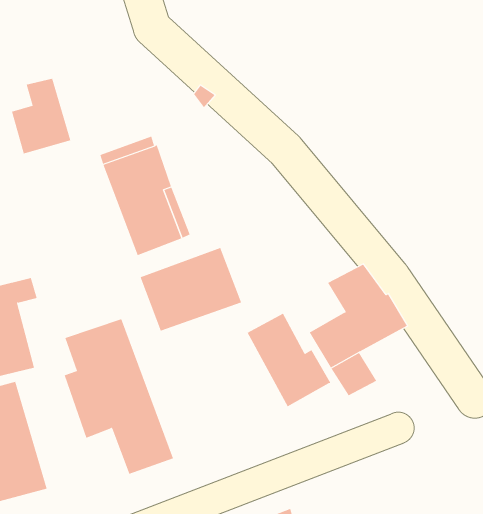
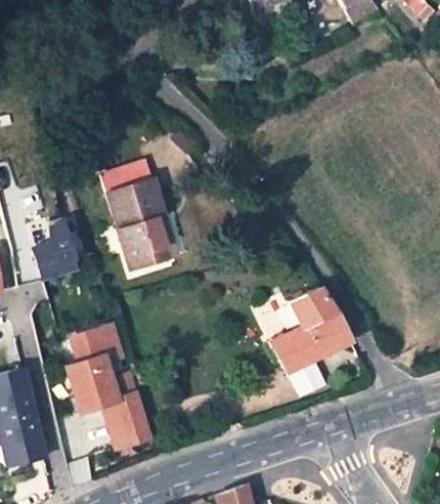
building: [11,78,71,154] -> [33,216,81,278]
building: [140,247,242,331] -> none
building: [247,313,331,407] -> none

